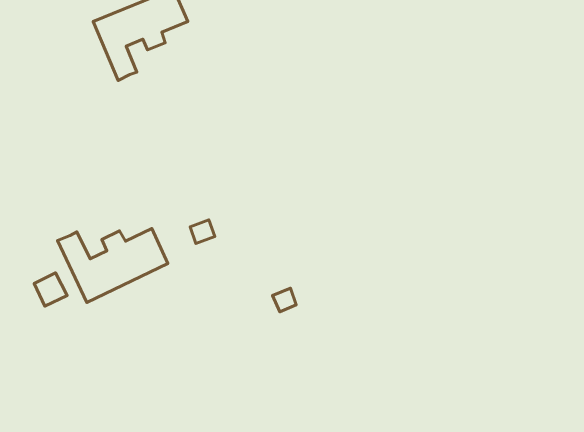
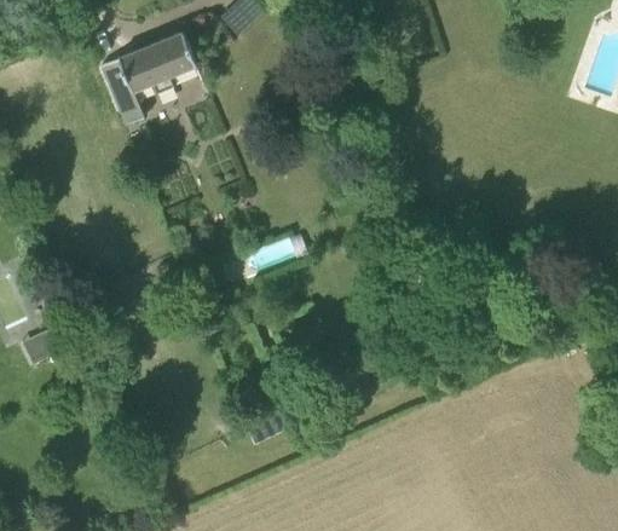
building: [57,228,168,303] -> none

